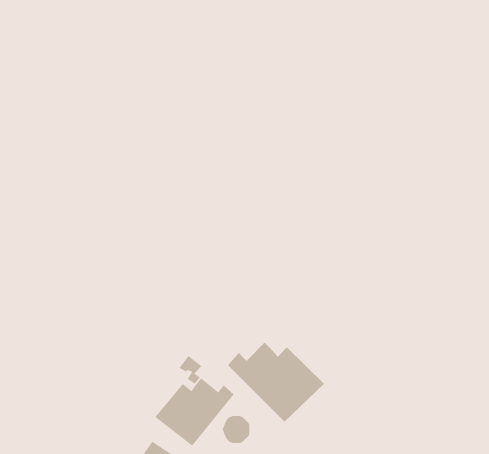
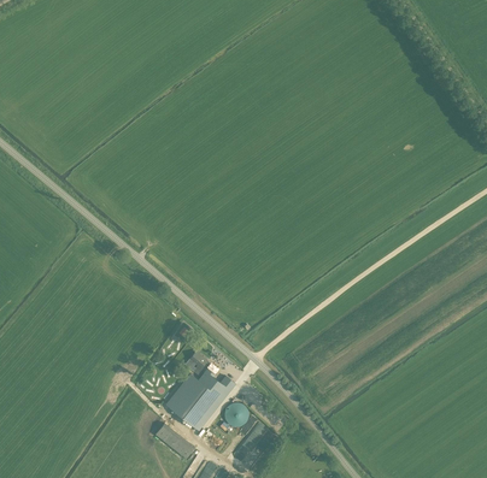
building: [227,342,325,422] -> none

